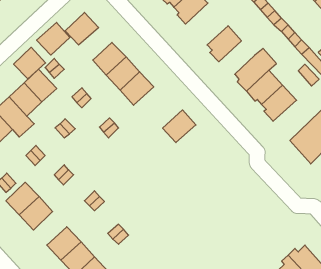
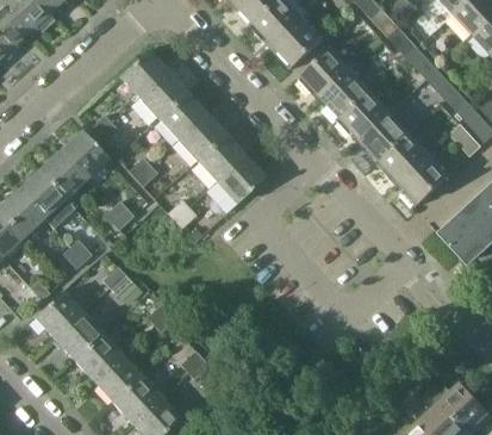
building: none -> [299,49,350,97]
building: [37,22,70,55] -> [137,72,185,118]
building: none -> [337,91,388,138]
building: [14,47,46,79] -> none
building: [163,110,196,143] -> [216,156,263,203]
building: none -> [73,334,120,381]

